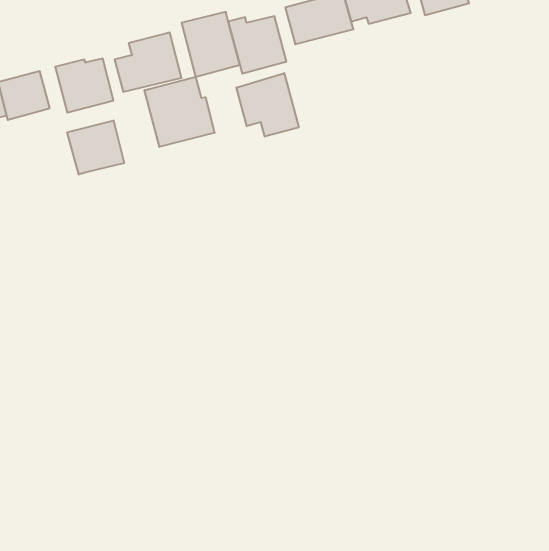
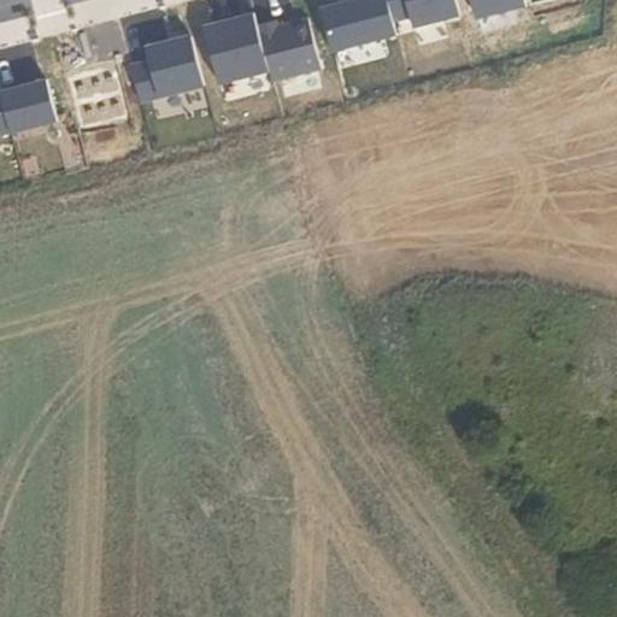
building: [236,73,299,137] -> none
building: [144,77,215,147] -> none
building: [67,120,124,175] -> none

